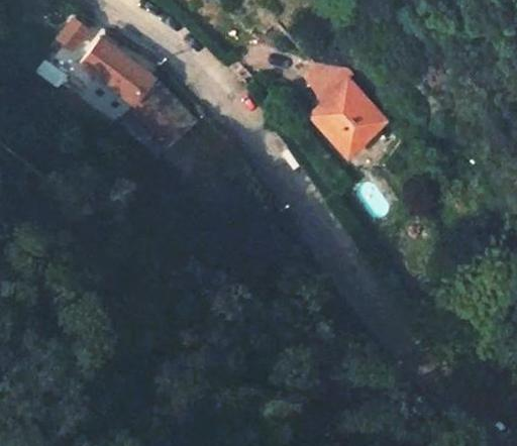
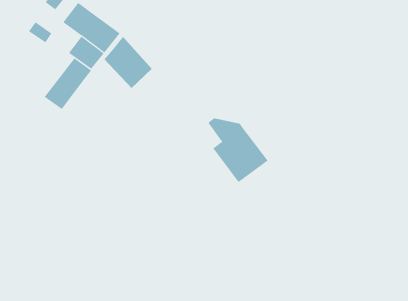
building: [307,74,384,155] -> [208,118,269,183]
building: none -> [44,57,92,110]

